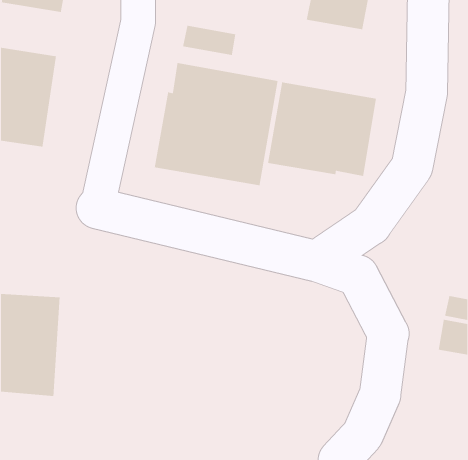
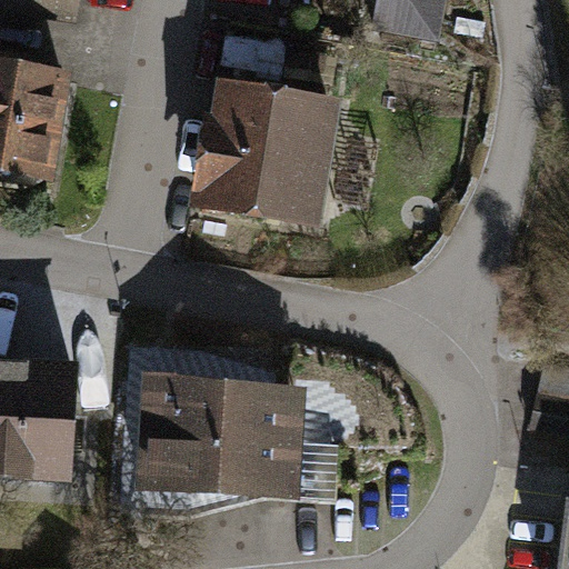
building: [267,82,377,177] -> none
building: none -> [136,370,307,499]

